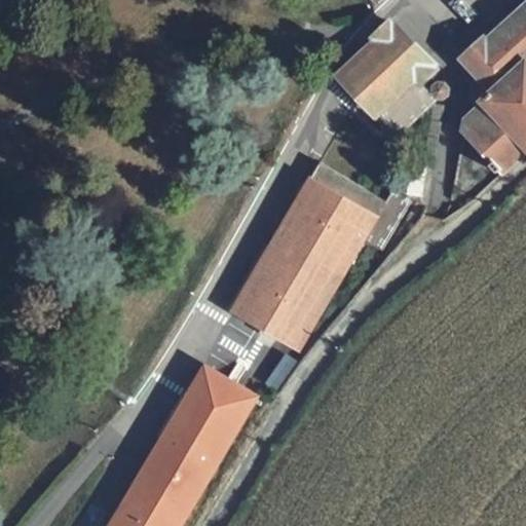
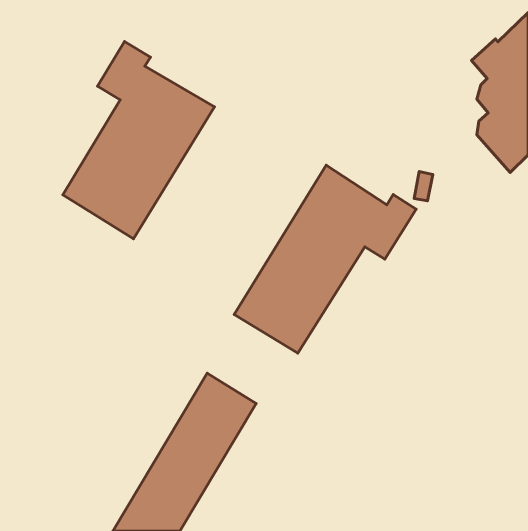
building: [343,25,436,140] -> none
building: none -> [63,42,215,239]

